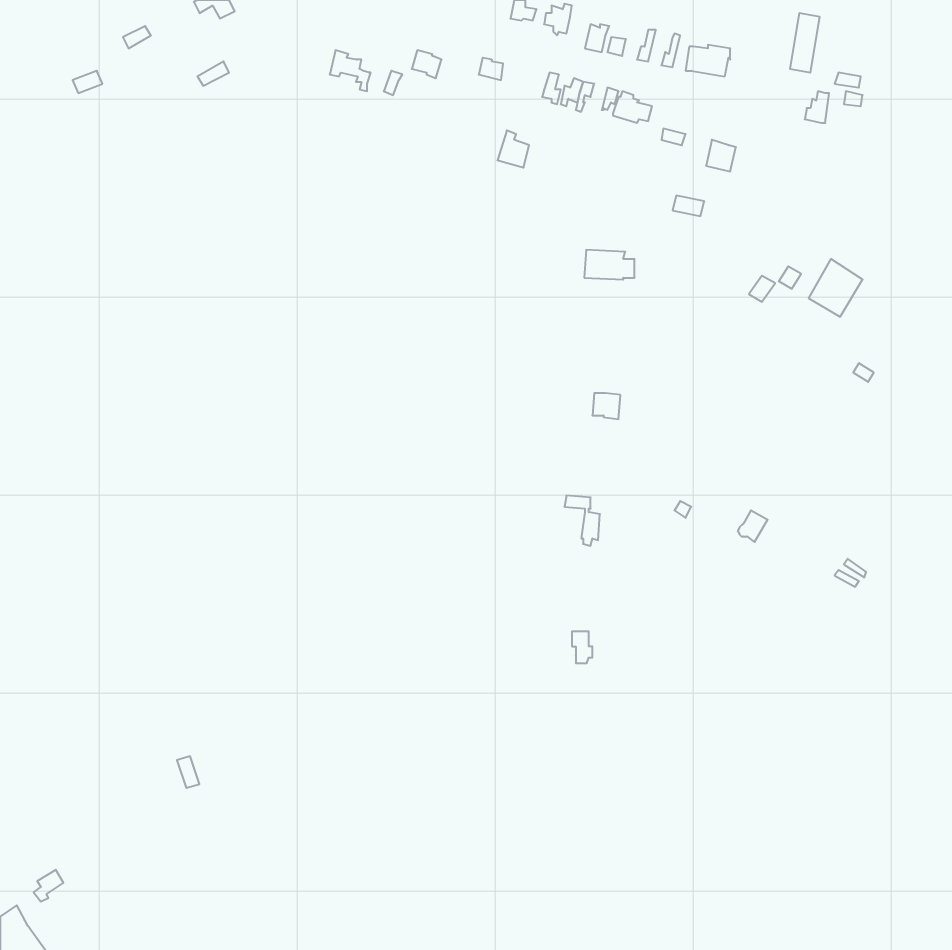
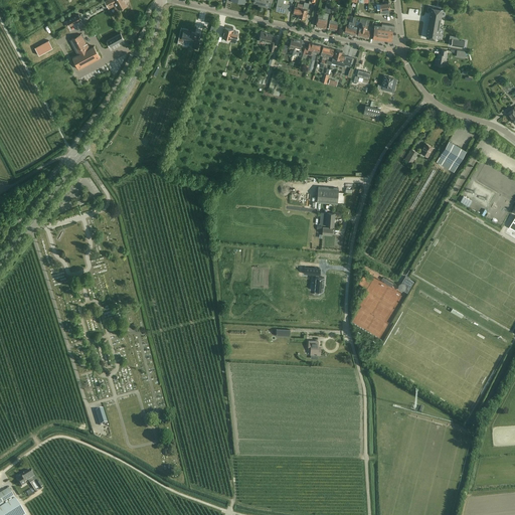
building: none -> [69,35,101,70]
building: [584,250,635,280] -> [317,188,344,204]

